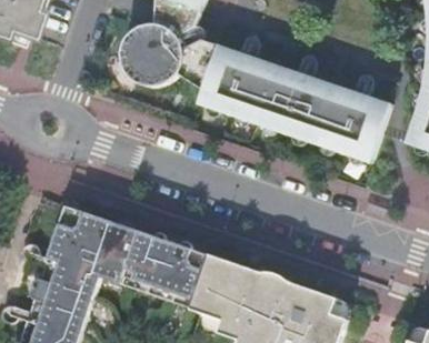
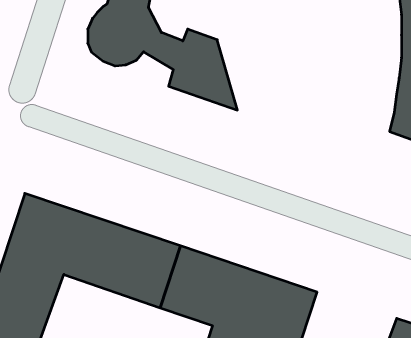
building: [246,60,388,162] -> none

